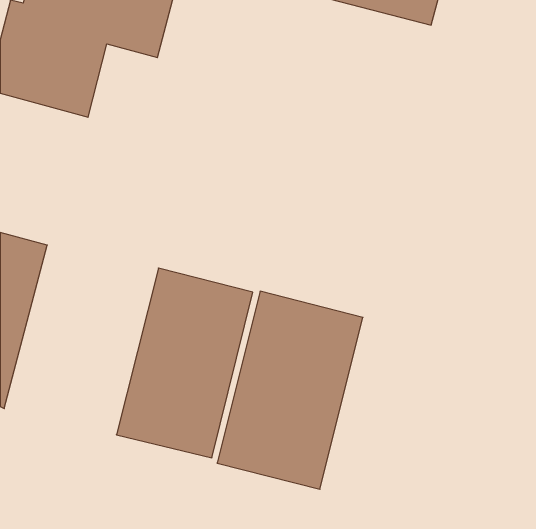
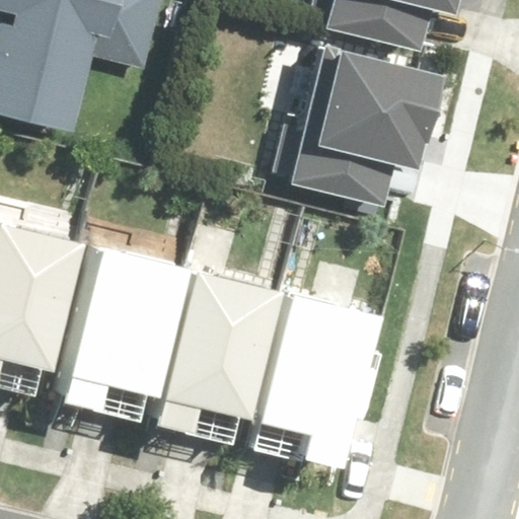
building: none -> [289,44,410,178]
building: none -> [17,237,150,423]

